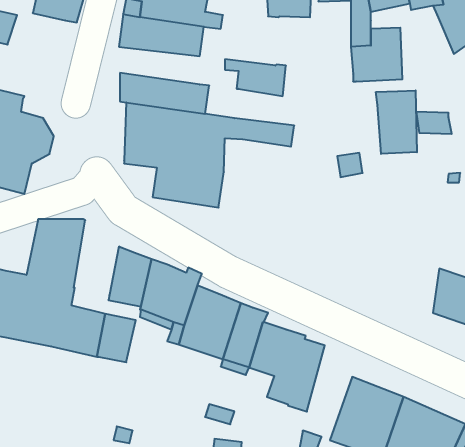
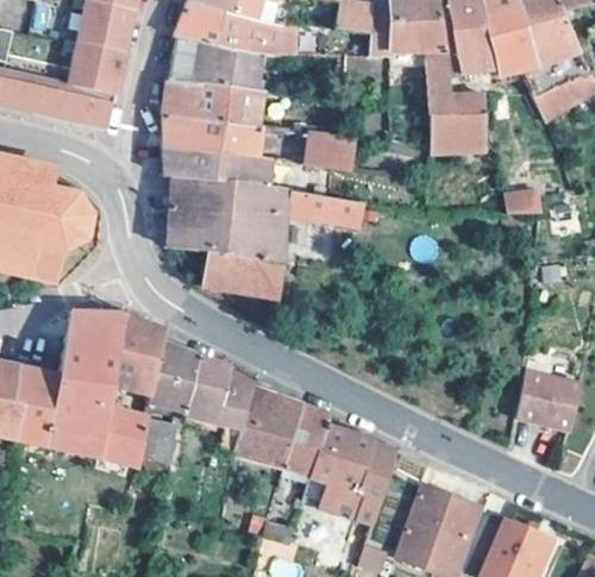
building: none -> [37,76,115,127]
building: none -> [163,114,259,157]
building: none -> [261,158,299,195]
building: [376,90,417,154] -> none
building: none -> [112,311,168,395]

